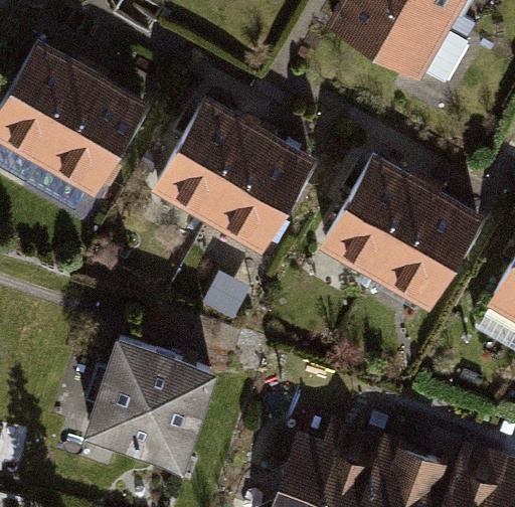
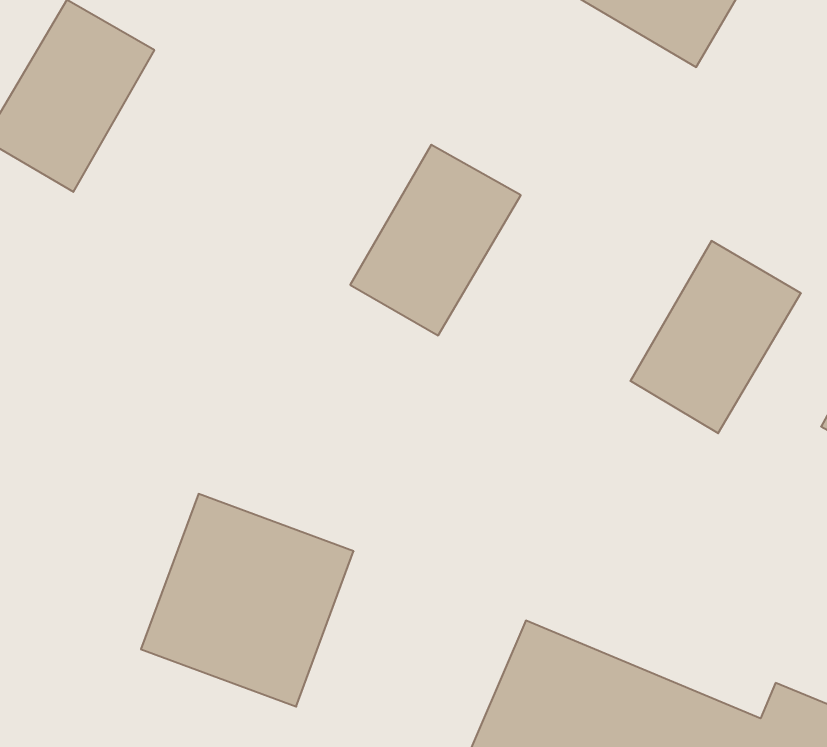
building: [45,76,147,191] -> none
building: [157,102,259,216] -> none
building: [324,160,425,274] -> none

